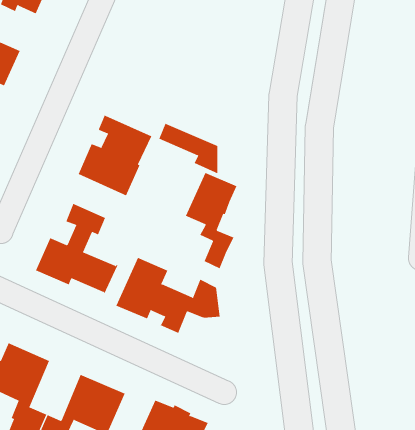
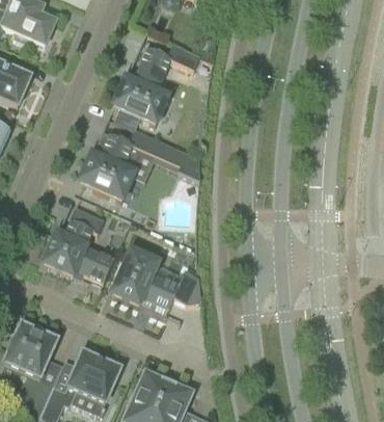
building: none -> [112,43,199,124]
building: [185,172,237,269] -> none

